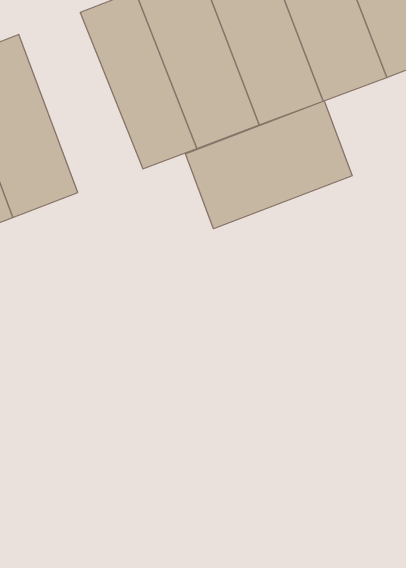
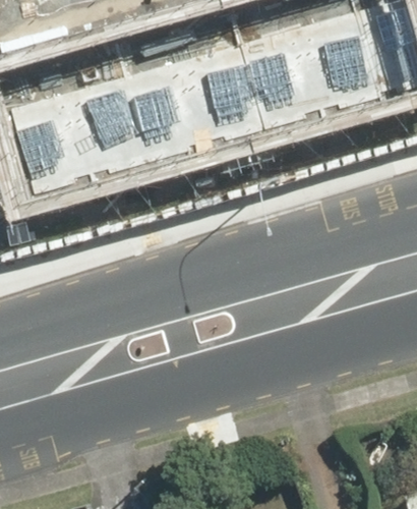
building: none -> [71,48,160,189]
building: [186,101,352,229] -> none

